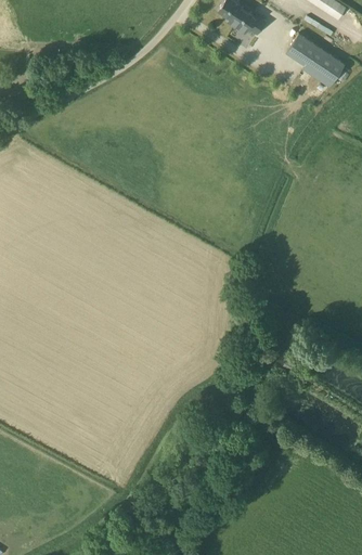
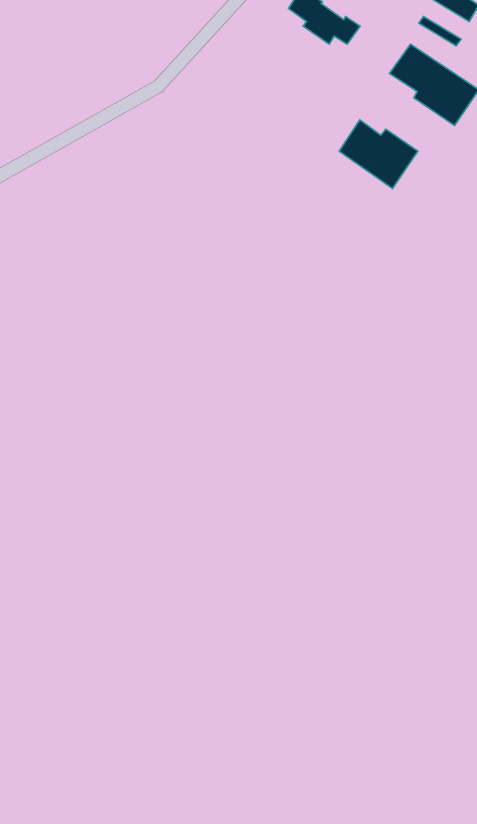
building: none -> [339,120,418,188]

